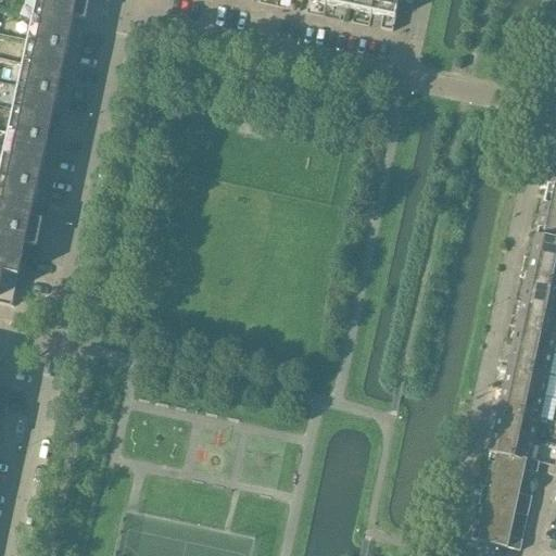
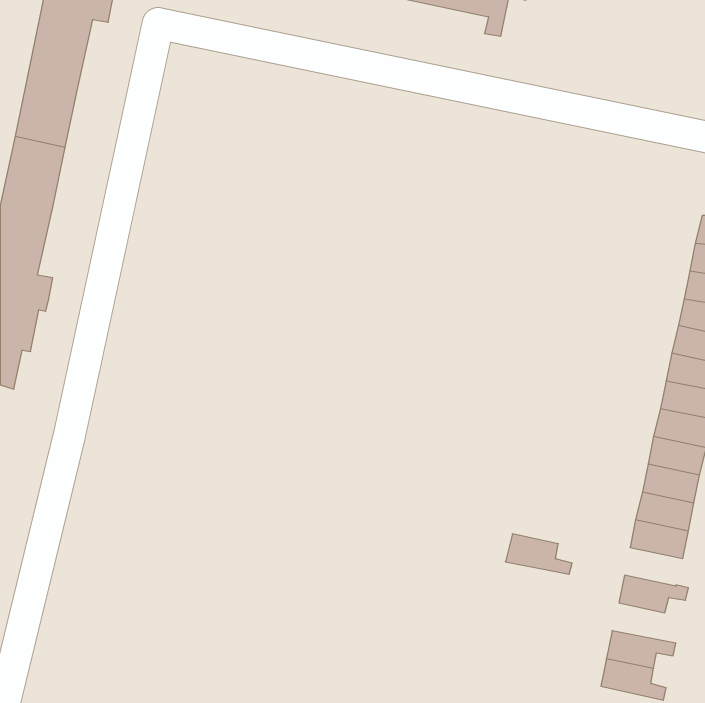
building: [492,428,538,458] -> none
building: [482,471,534,503] -> [505,534,572,574]

